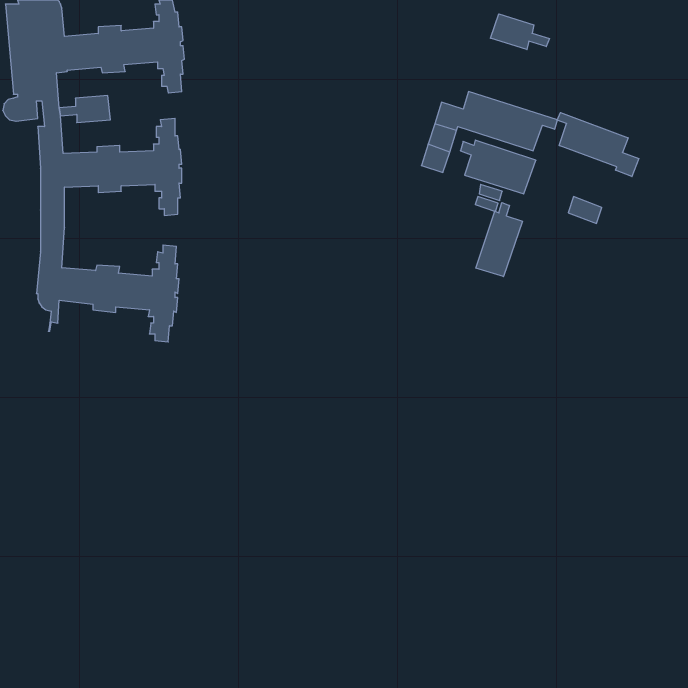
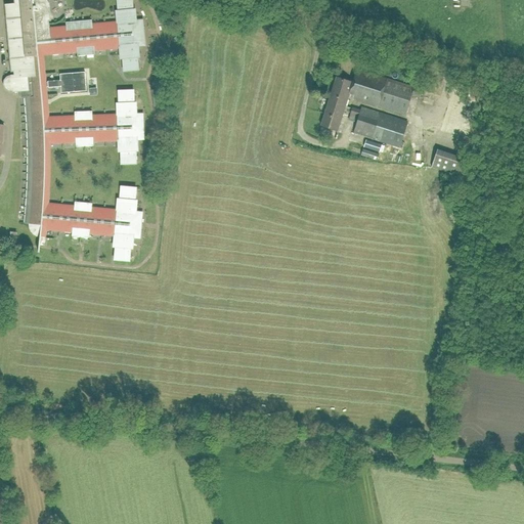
building: [490,14,550,50] -> none
building: [557,113,639,177] -> none
building: [476,203,523,277] -> none

